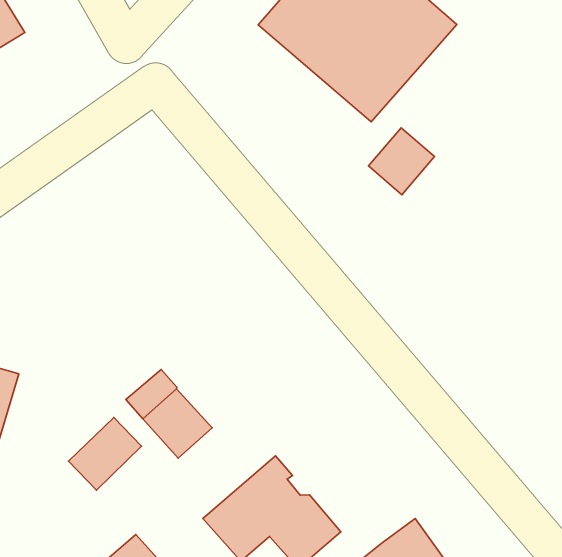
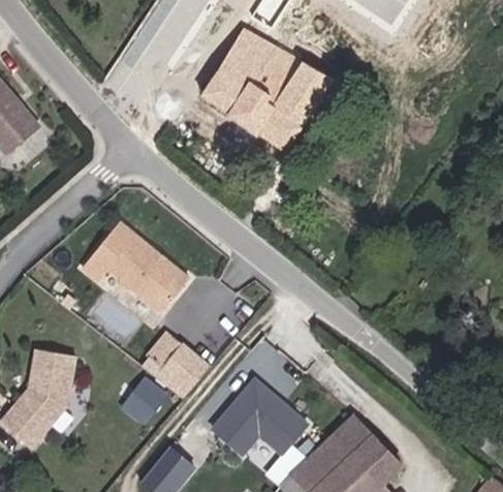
building: [368,128,435,195] -> none
building: none -> [76,222,190,315]

